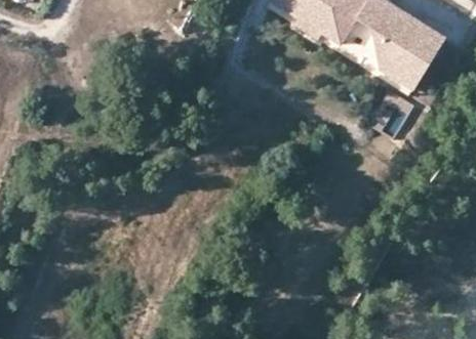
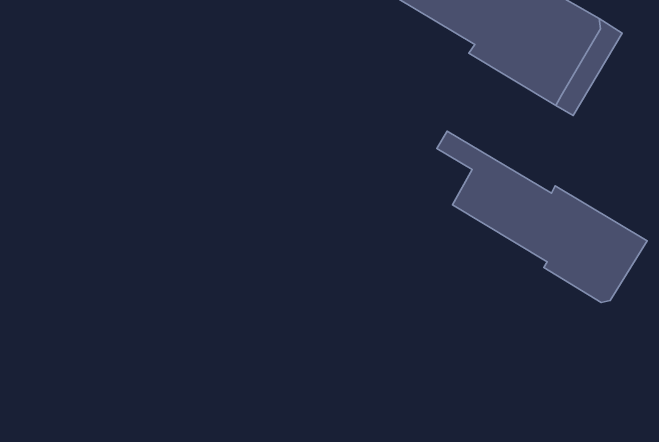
building: none -> [437,131,647,303]

